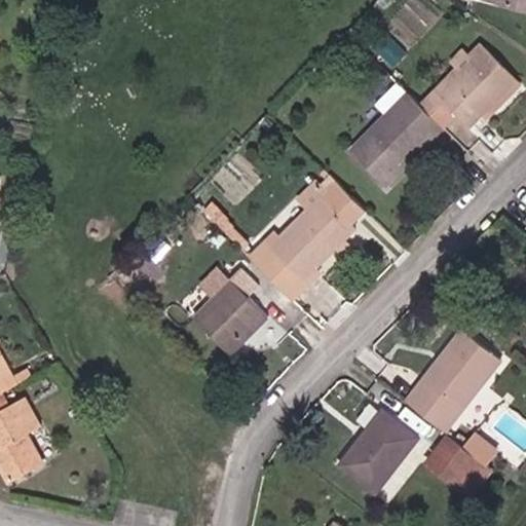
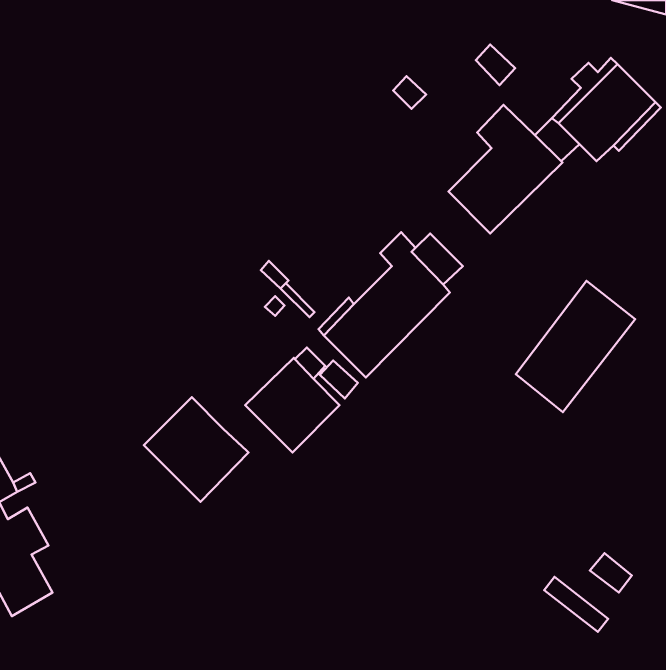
building: none -> [144,397,248,502]
building: [406,329,499,431] -> [516,281,635,412]
building: [339,410,416,492] -> none
building: [435,435,490,485] -> none

